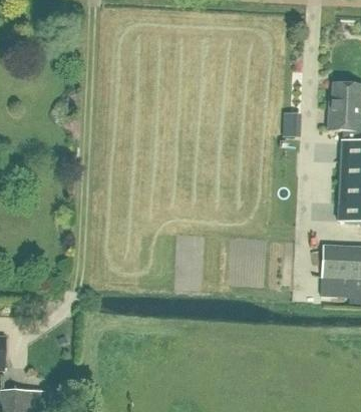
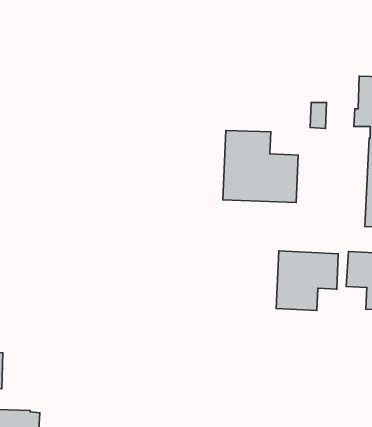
building: none -> [223,131,298,202]
building: none -> [276,251,338,310]

